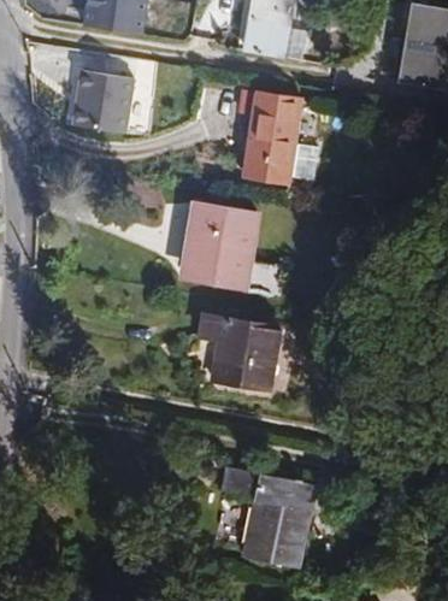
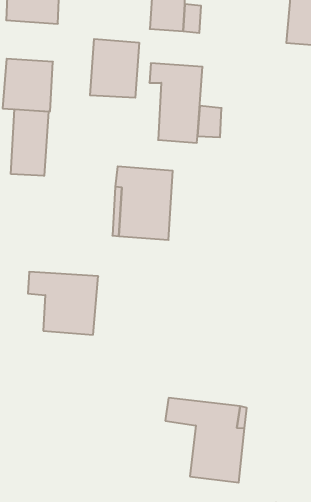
building: none -> [90,39,139,98]
building: none -> [11,109,49,176]
building: [199,312,279,389] -> [28,272,98,335]

